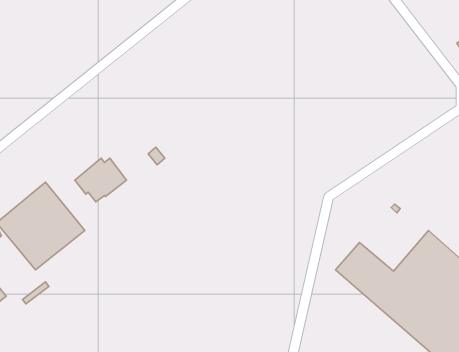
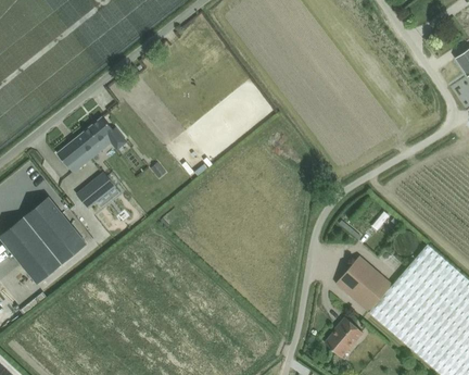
building: none -> [56,116,123,173]
building: none -> [324,316,364,357]

